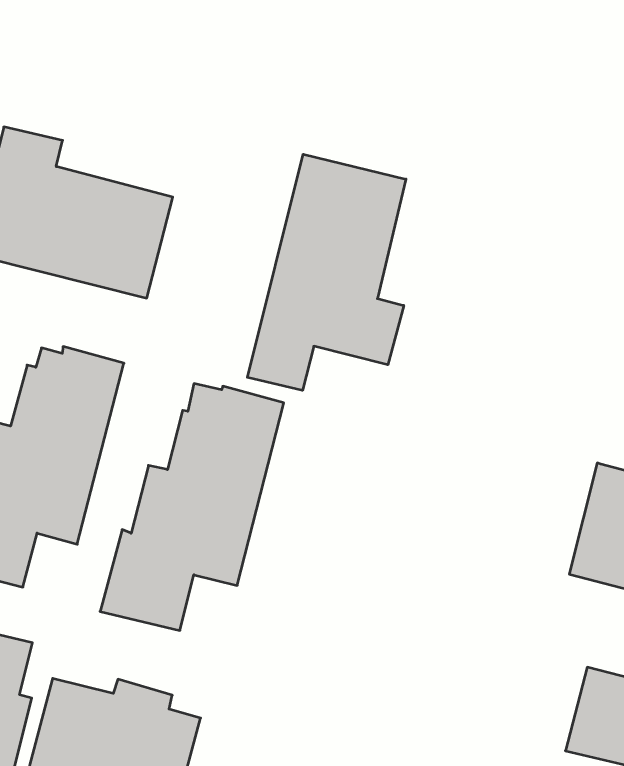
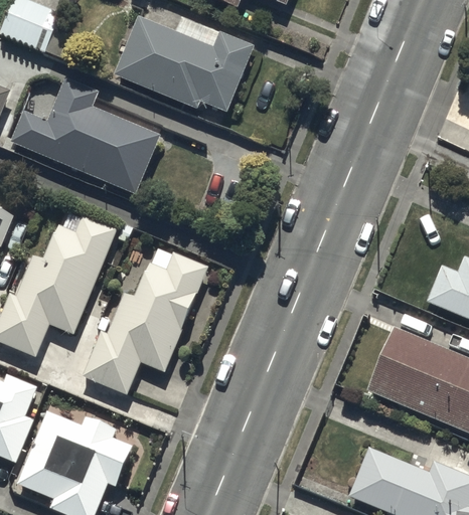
building: none -> [113,14,255,111]
building: [247,154,406,390] -> none

